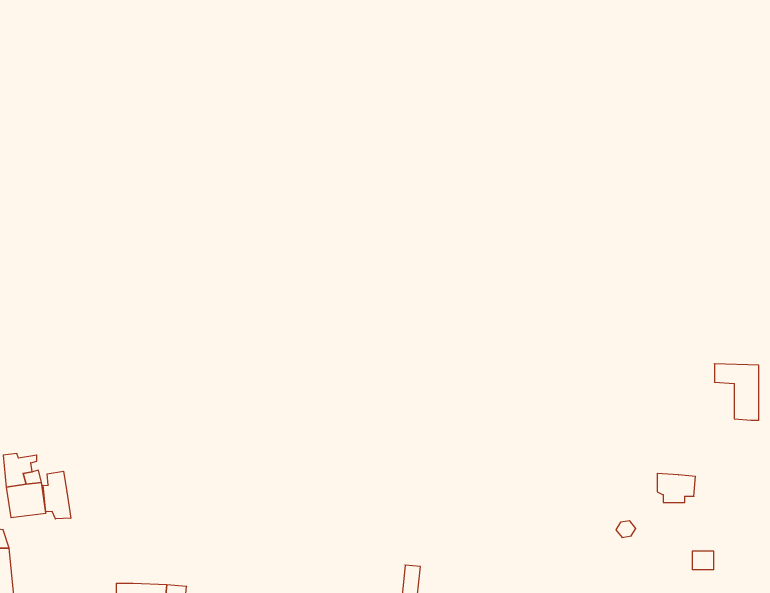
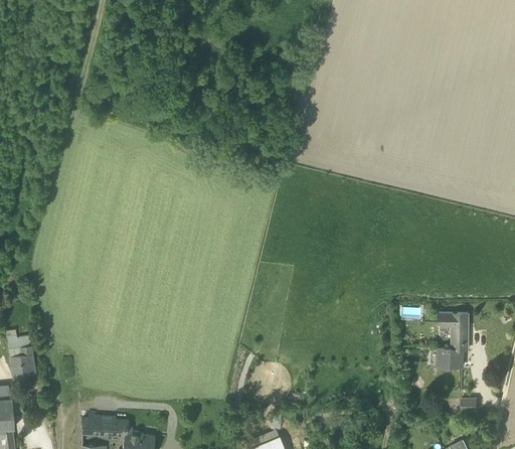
building: [714,364,759,420] -> [439,313,468,350]
building: [43,471,71,519] -> none

